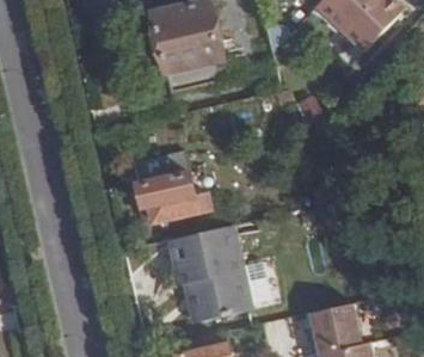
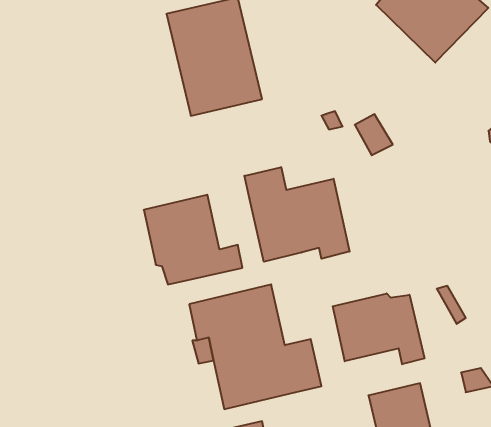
building: none -> [244,167,350,262]
building: none -> [333,293,424,364]

